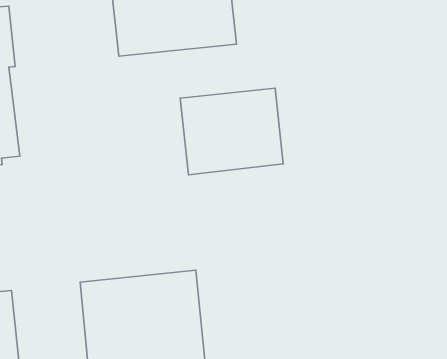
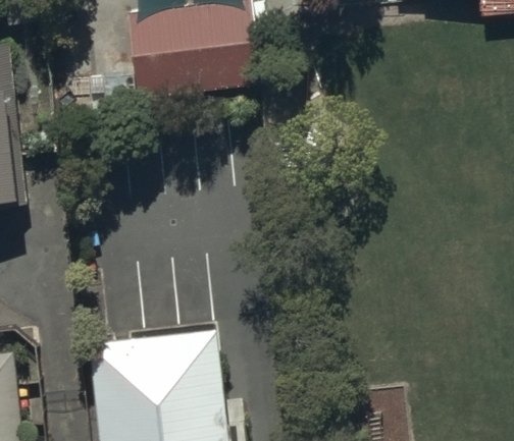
building: [180,88,283,175] -> none

